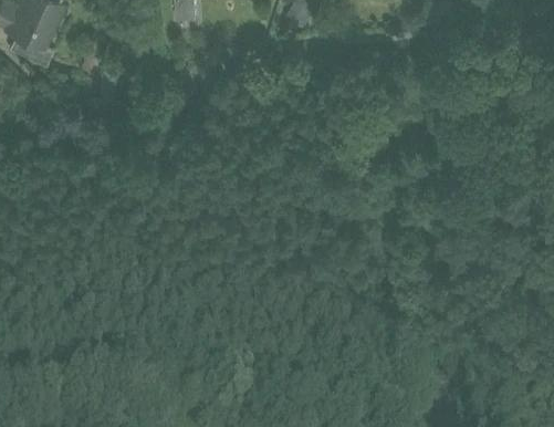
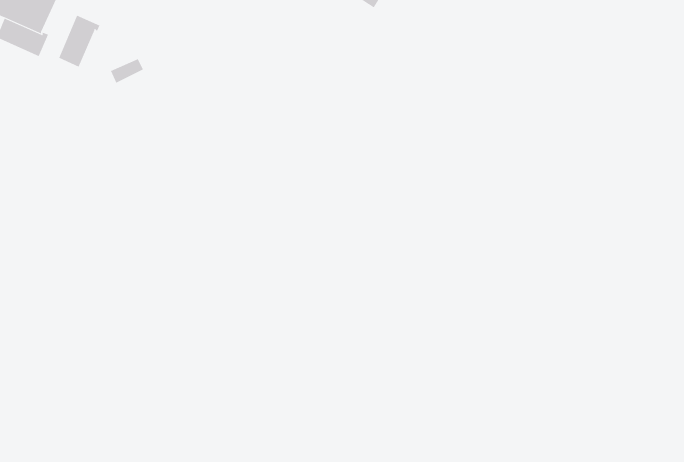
building: none -> [59,15,100,67]

